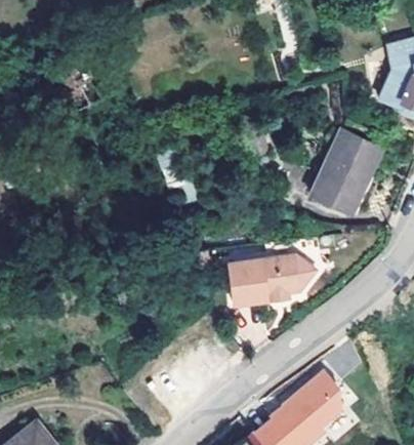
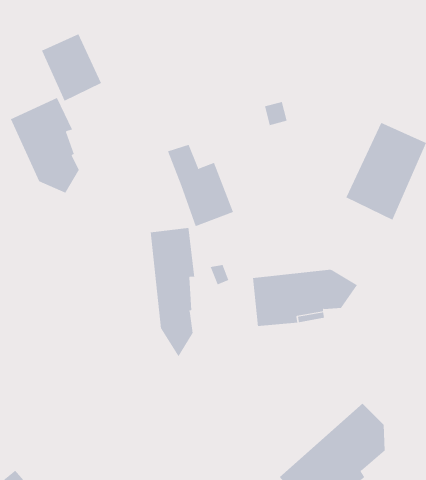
building: none -> [10,97,79,193]
building: none -> [150,227,195,357]

